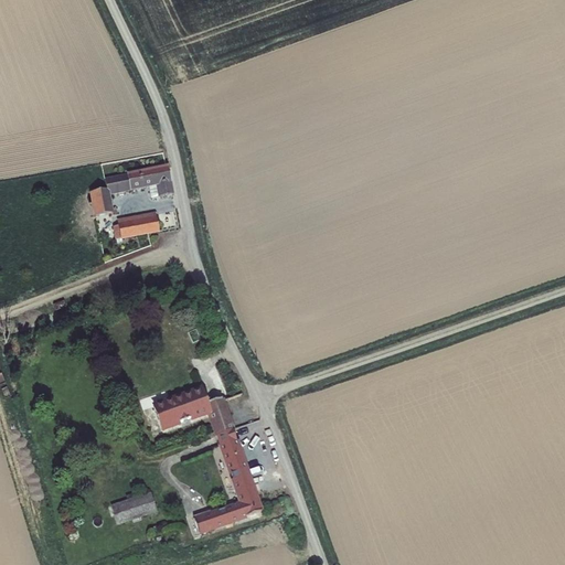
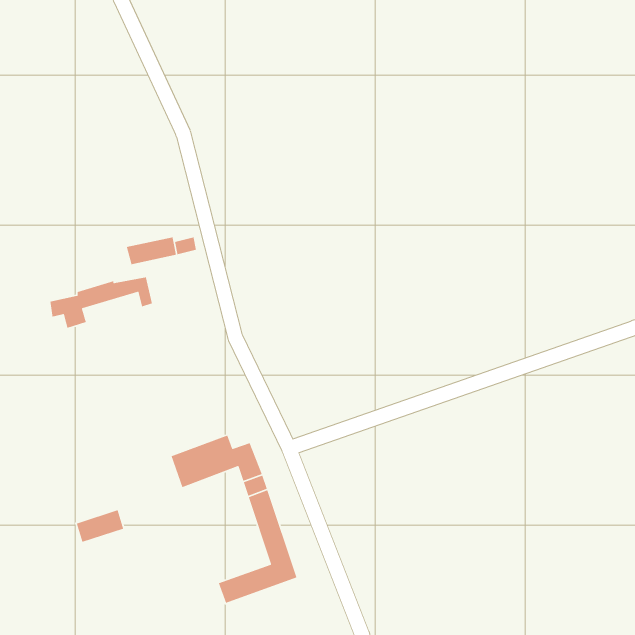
building: [77,167,169,213] -> [49,276,153,329]
building: [111,492,154,522] -> [76,509,124,543]

